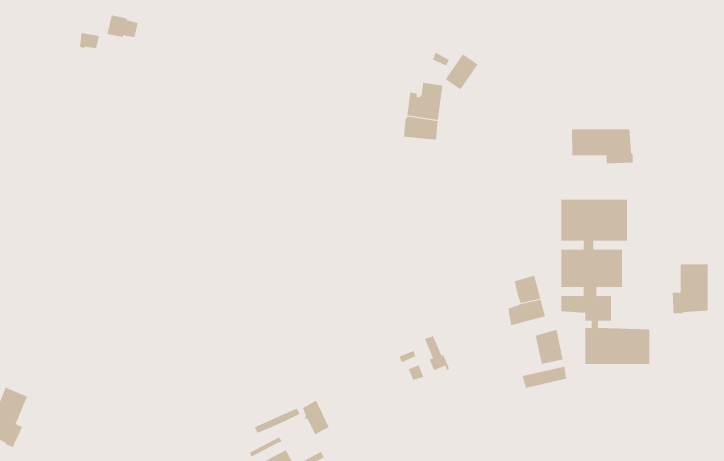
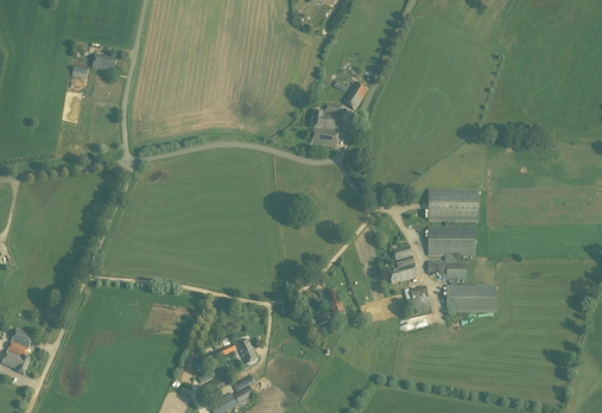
building: [571,128,633,164] -> none
building: [672,264,708,314] -> none

